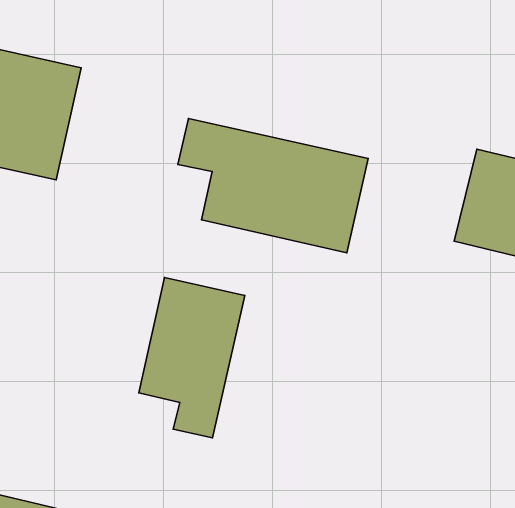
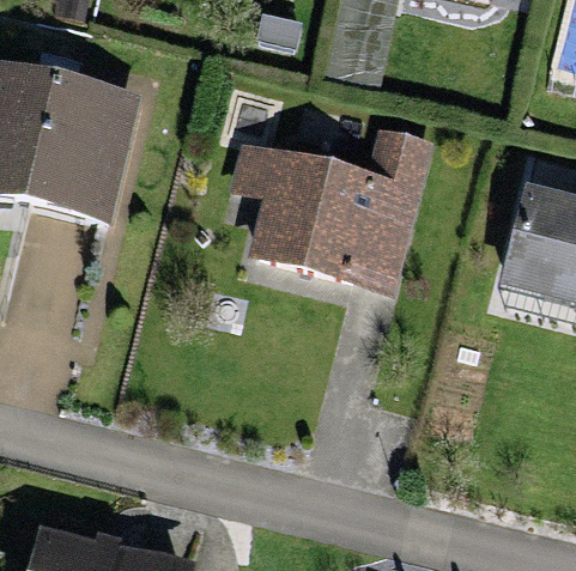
building: [139,277,245,438] -> none

